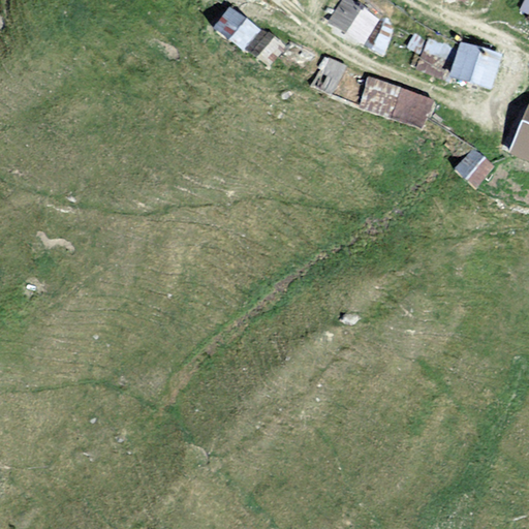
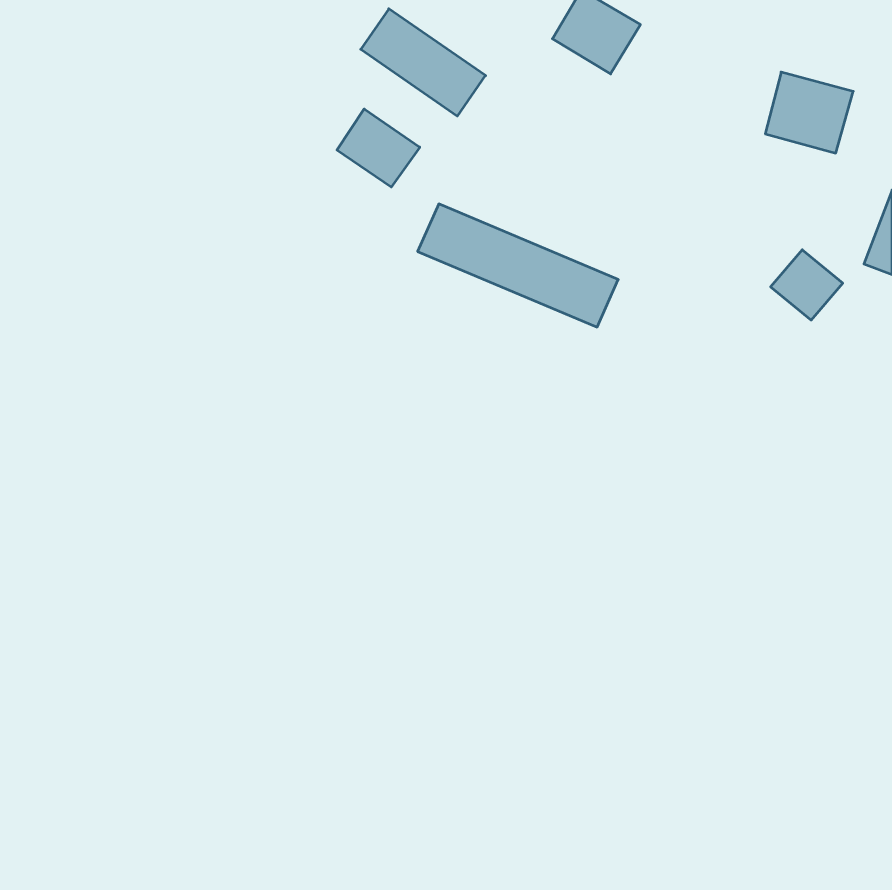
building: [316,56,434,128] -> [418,204,618,327]
building: none -> [337,109,420,187]

